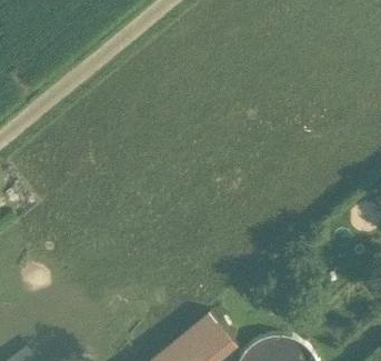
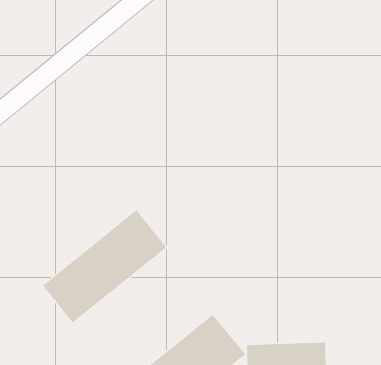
building: none -> [42,209,167,324]

